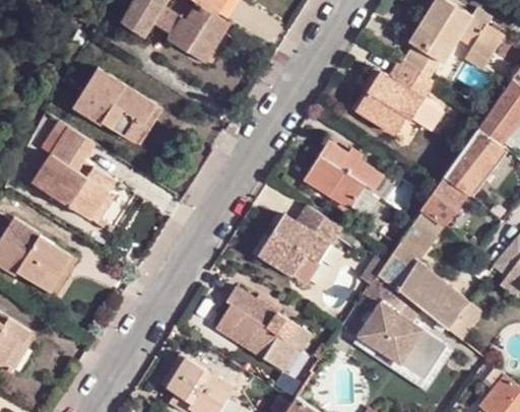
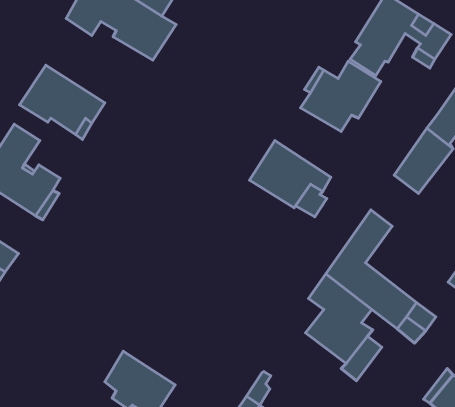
building: [422,177,470,227] -> none
building: [260,209,341,286] -> none
building: [215,286,311,368] -> none

